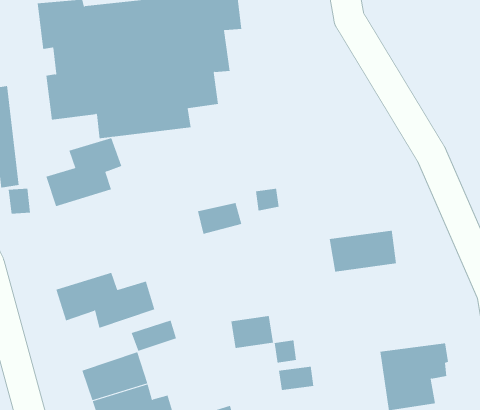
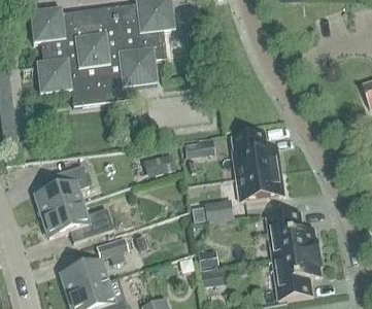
building: [45,137,122,207] -> [34,165,89,214]
building: none -> [231,132,281,178]
building: none -> [266,212,319,259]
building: [230,315,274,349] -> [203,199,234,222]

